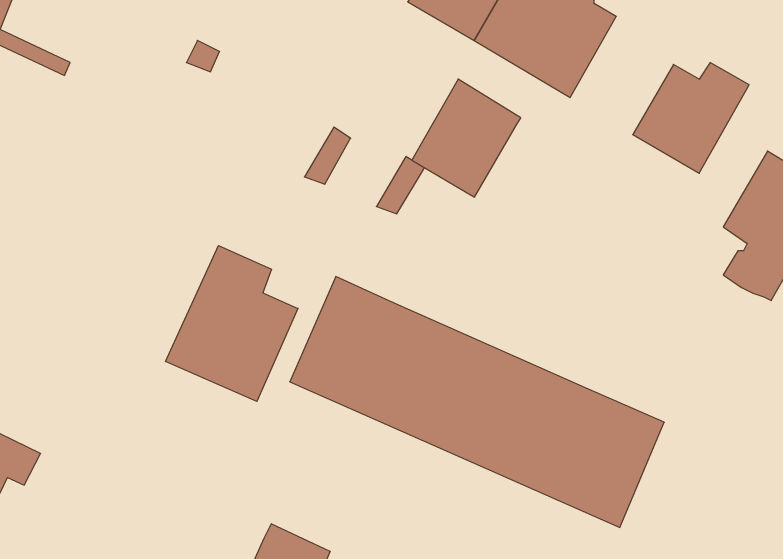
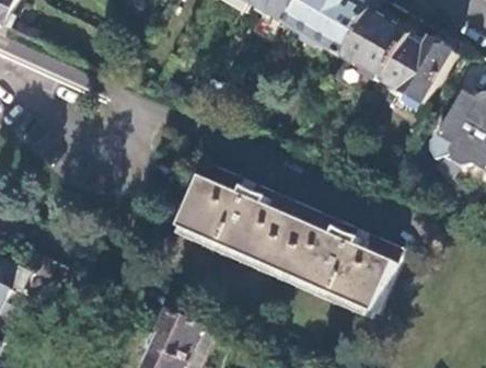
building: [412,79,521,197] -> [344,10,408,80]
building: [166,246,298,401] -> none

